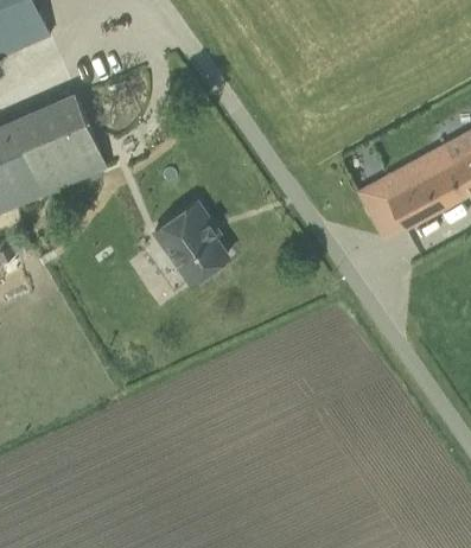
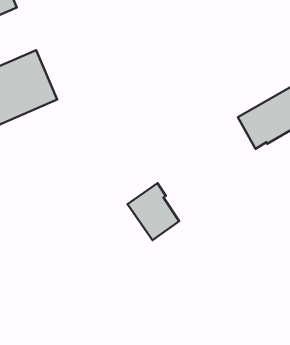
building: [153,203,227,283] -> [127,183,179,240]

